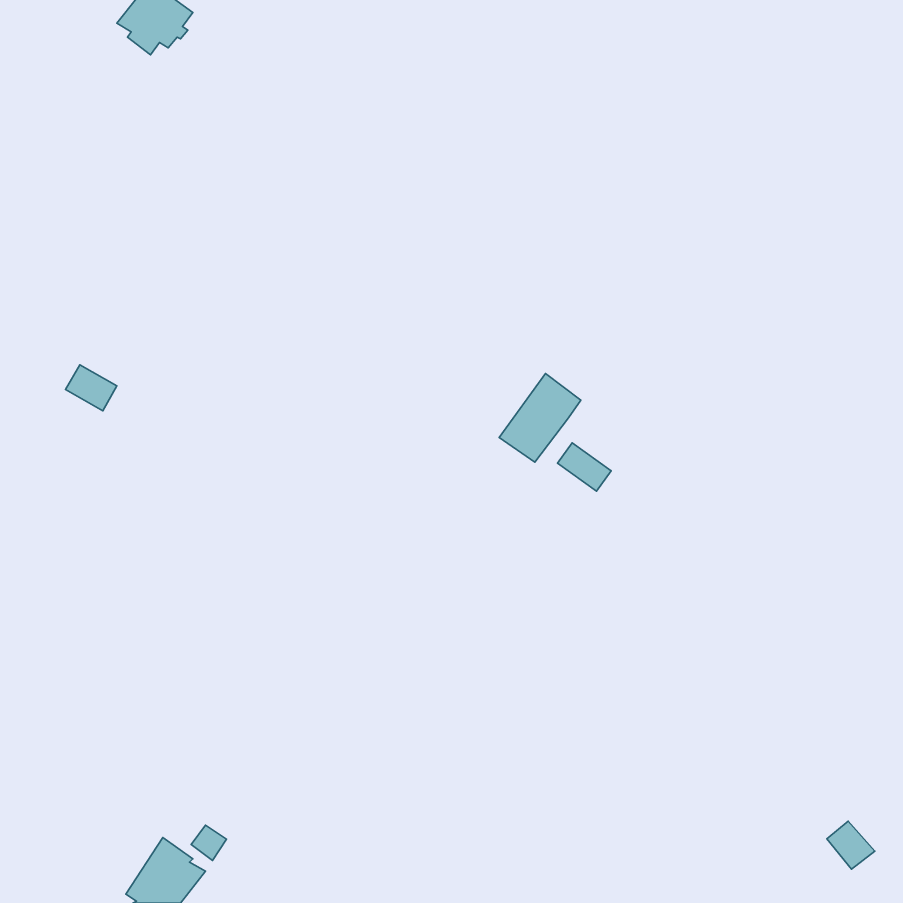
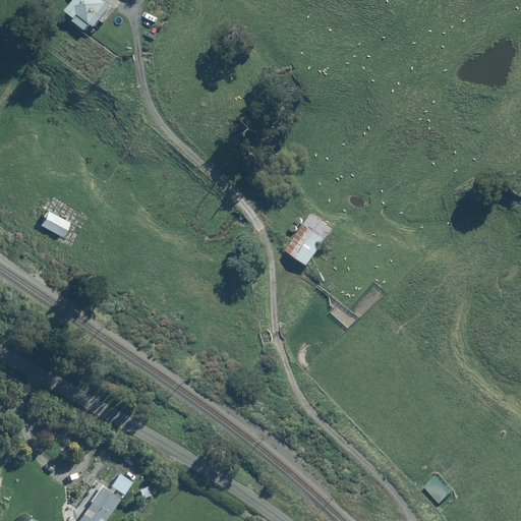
building: [557,443,611,491] -> none
building: [827,821,875,869] -> [425,476,453,504]

